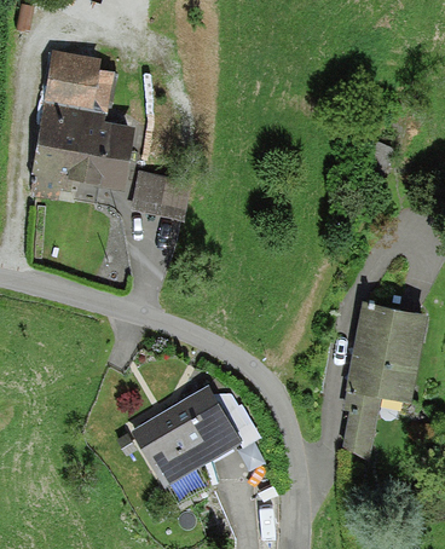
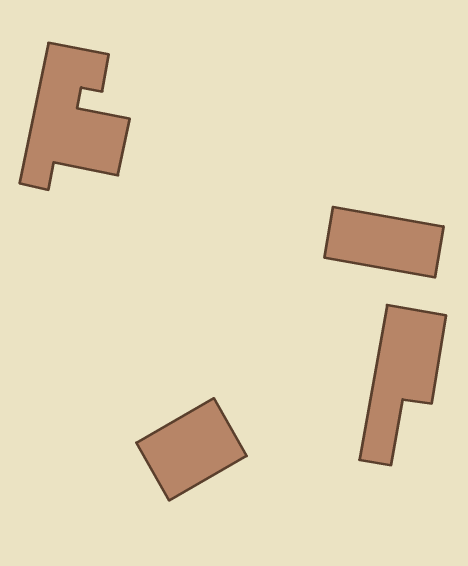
building: [134,174,191,218] -> none
building: none -> [325,207,443,277]

